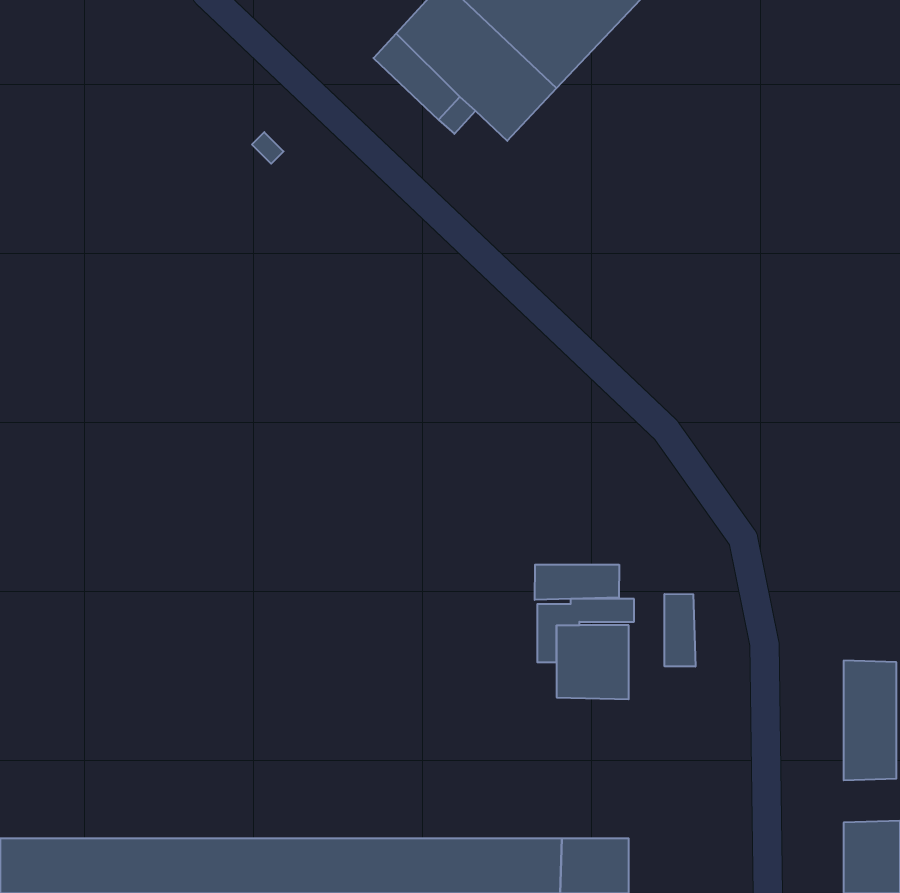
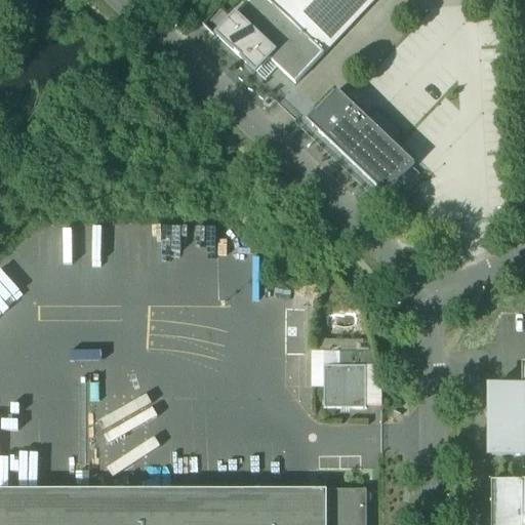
building: none -> [313,89,414,193]
building: [535,565,619,600] -> none
building: [665,594,695,667] -> none

